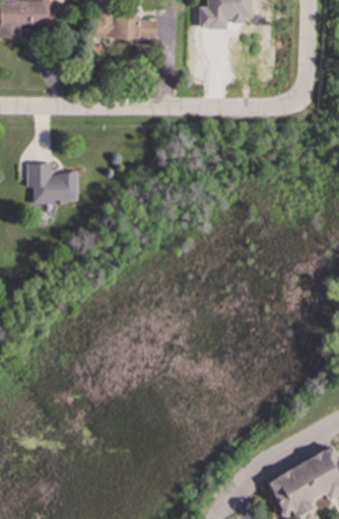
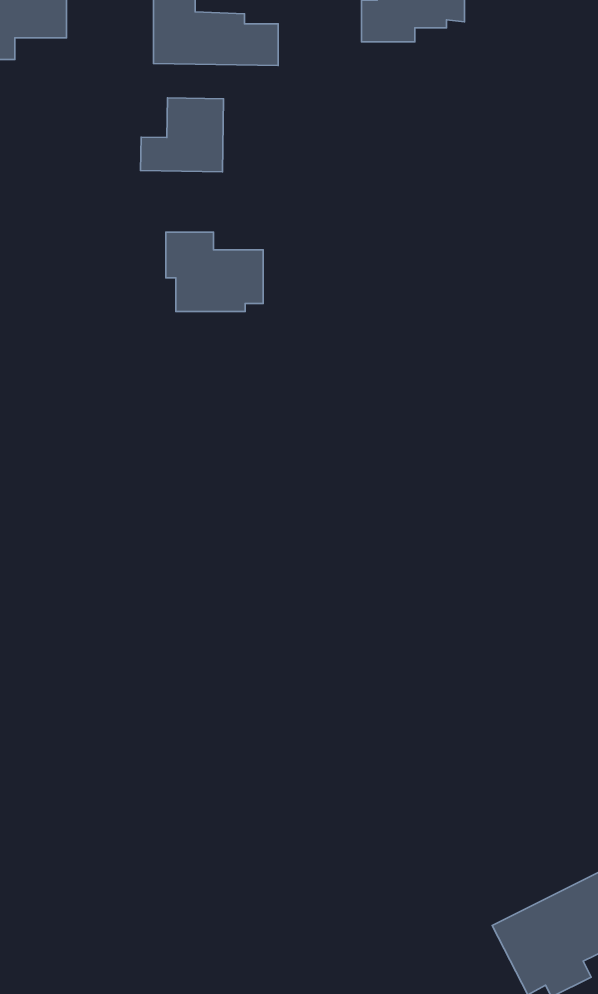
building: none -> [141,98,224,172]
building: [28,163,78,204] -> [166,232,263,311]

